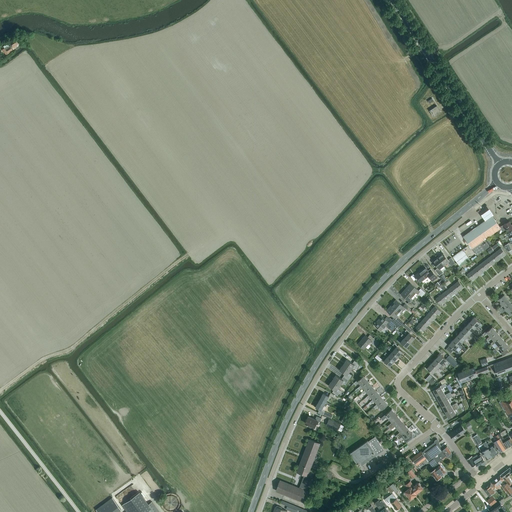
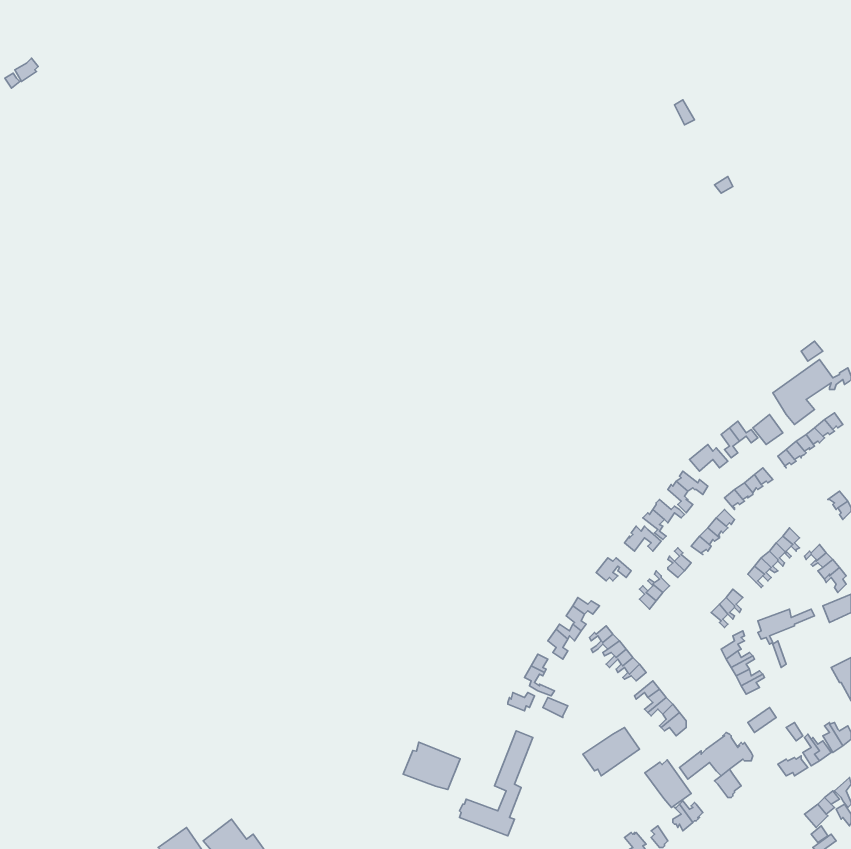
building: none -> [403,742,460,790]
building: none -> [645,760,691,807]

